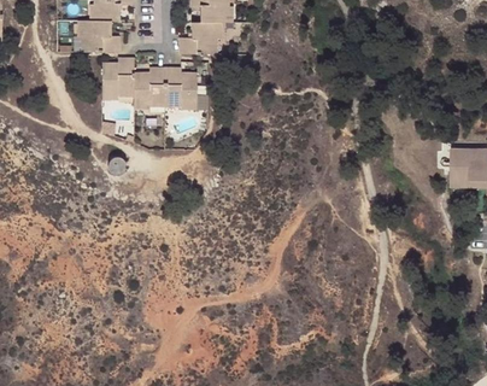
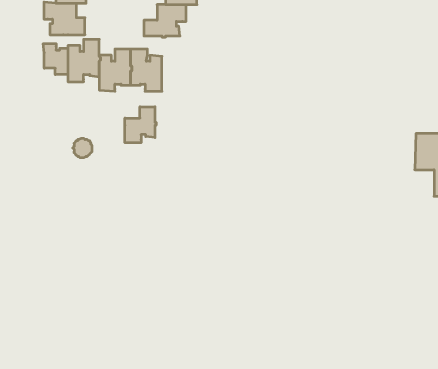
building: none -> [43,44,68,75]
building: none -> [125,107,156,143]

